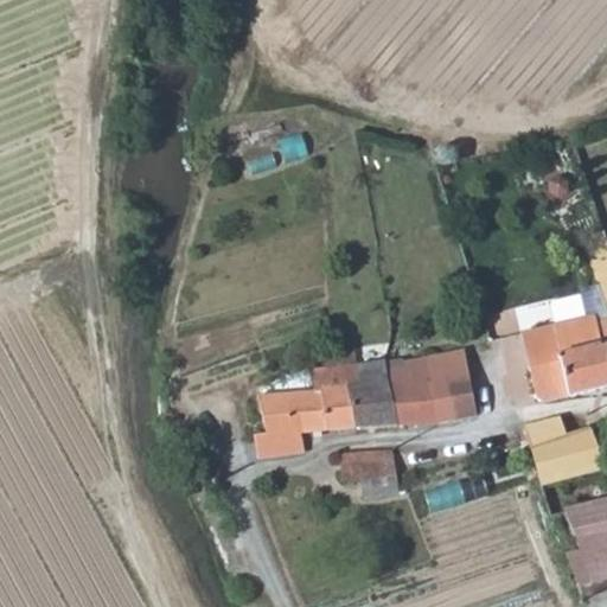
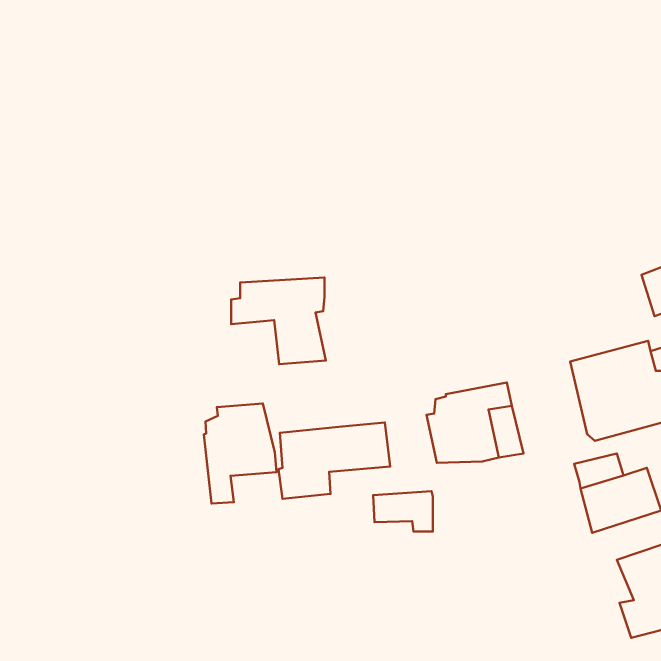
building: [314,347,401,427] -> [231,277,326,364]
building: none -> [204,403,276,504]

